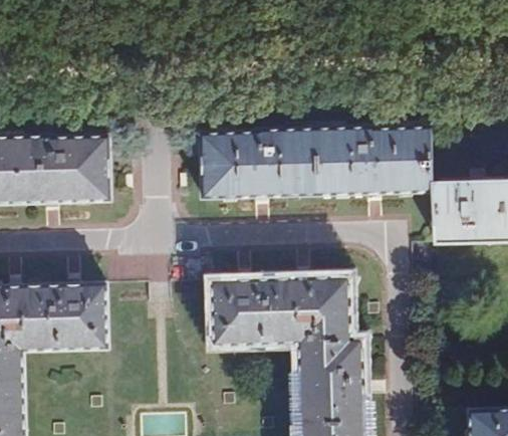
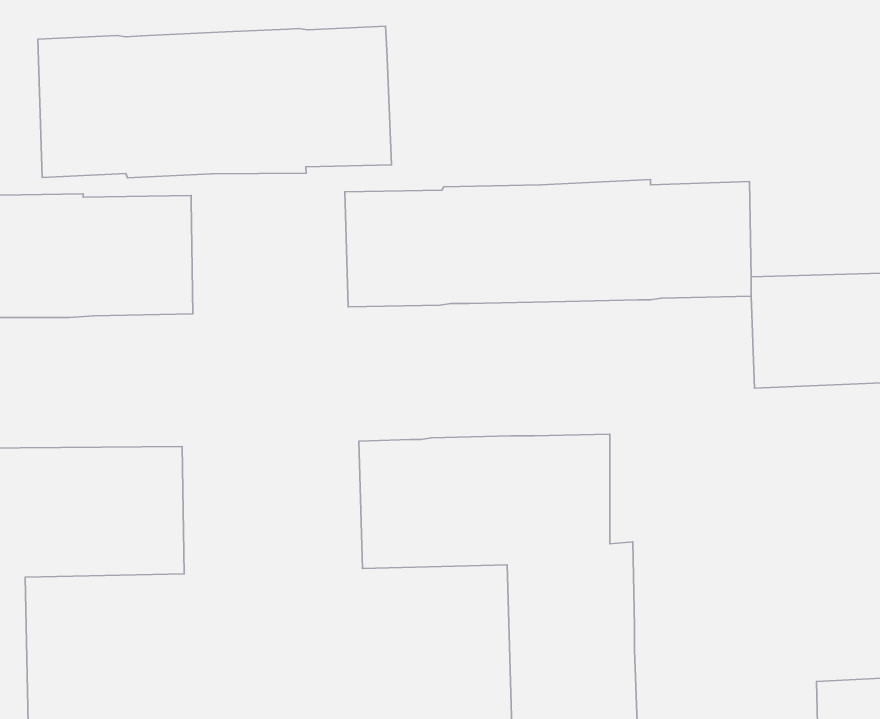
building: none -> [38,26,391,178]

